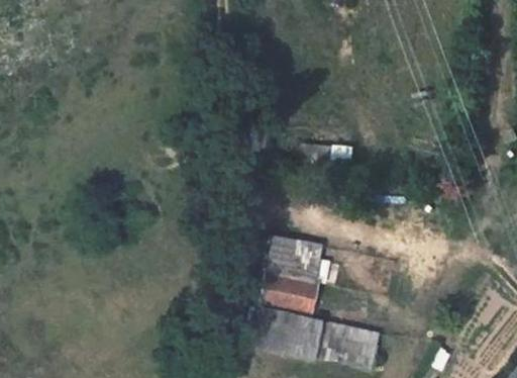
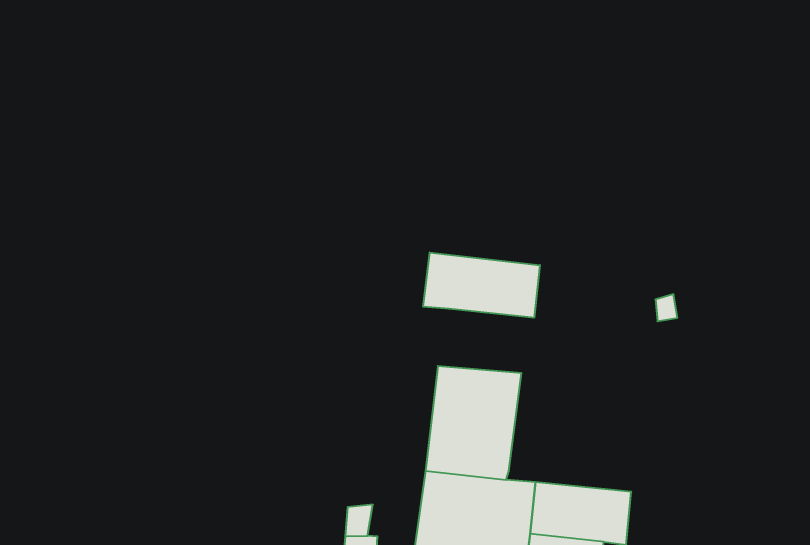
building: none -> [423,252,540,318]

